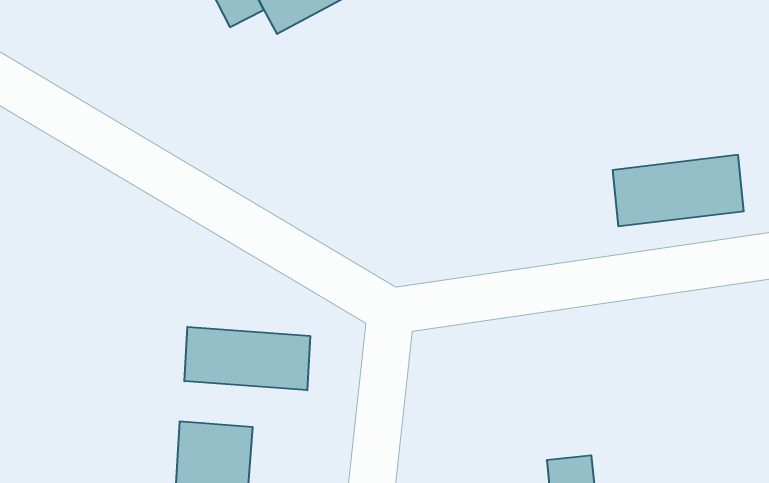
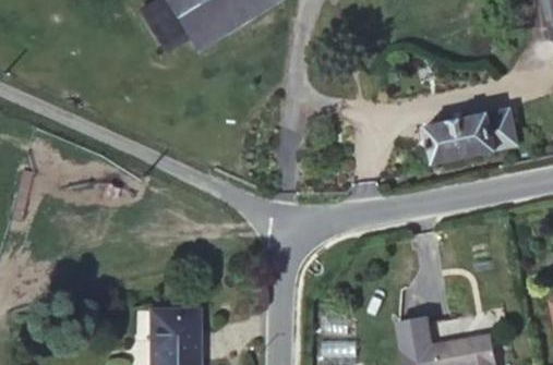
building: [184,327,310,390] -> none

